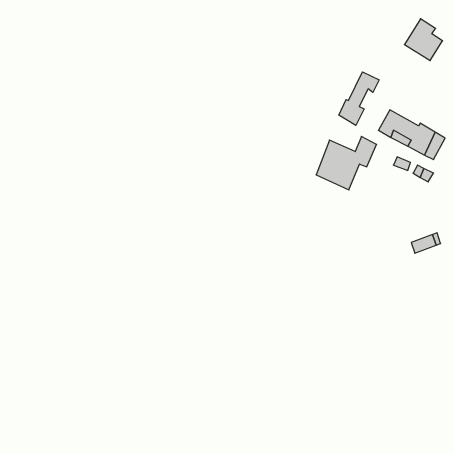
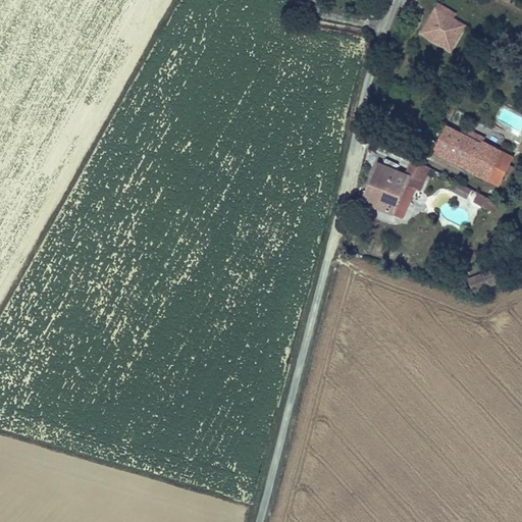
building: [404,19,443,61] -> [420,7,464,55]
building: [339,72,379,125] -> none

